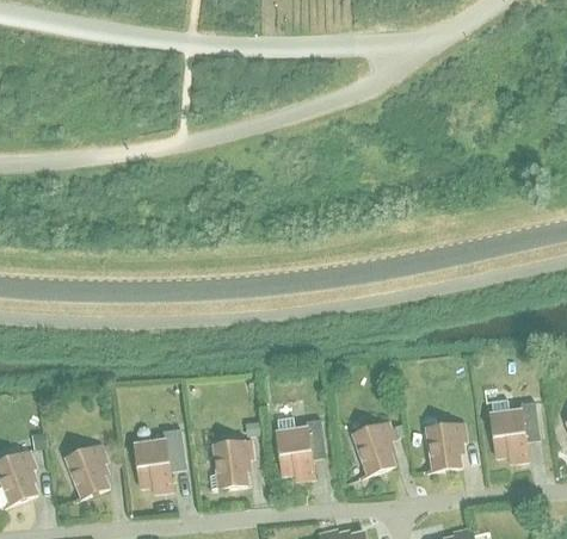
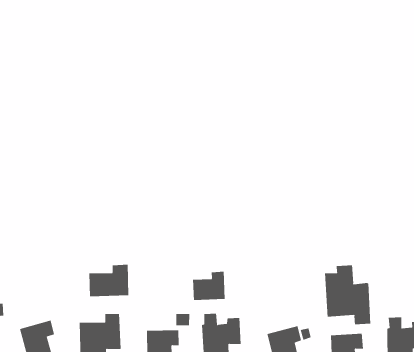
building: none -> [325,264,371,325]
building: none -> [193,271,225,301]
building: none -> [89,264,129,297]

